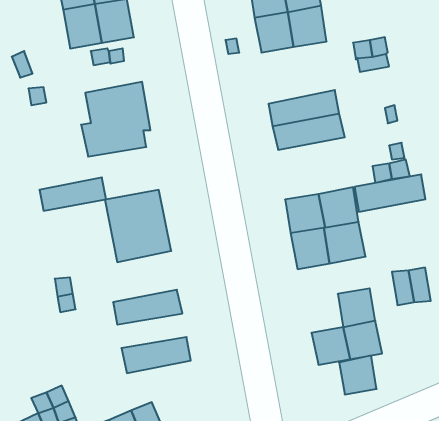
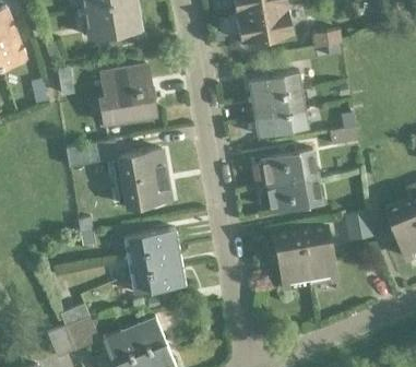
building: [355,174,425,212] -> [254,108,310,138]
building: none -> [128,247,182,274]
building: [339,356,377,394] -> [276,232,306,262]

